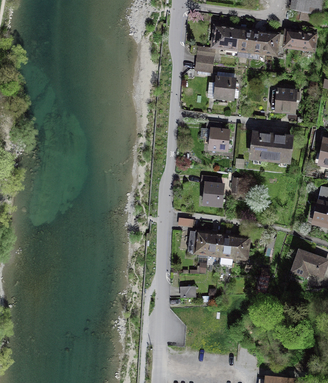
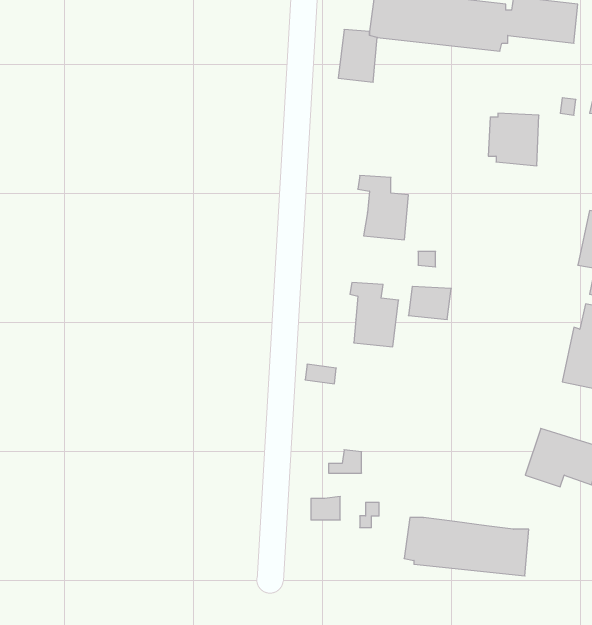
building: [213,76,236,101] -> none
building: [250,132,293,165] -> none
building: [187,231,251,261] -> [404,518,529,576]

